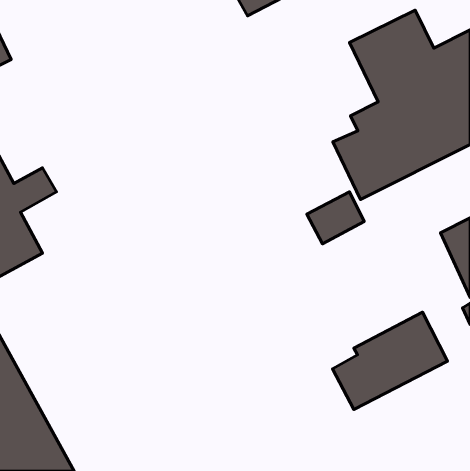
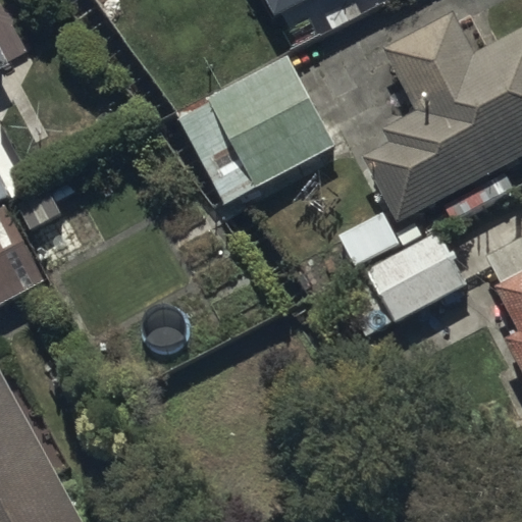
building: none -> [175,55,338,203]
building: [332,312,447,410] -> [342,230,468,337]

